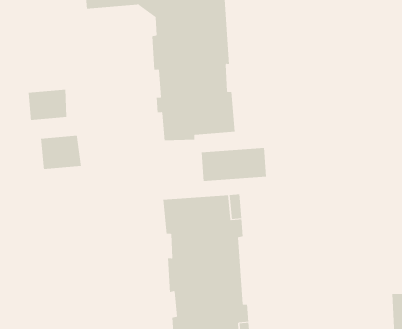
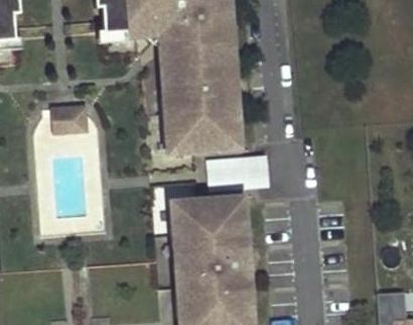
building: [41,135,81,170] -> none

